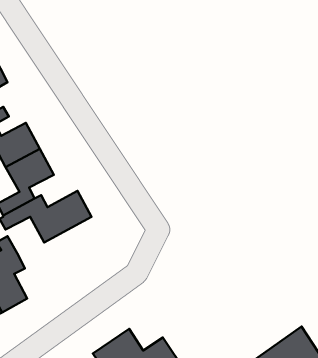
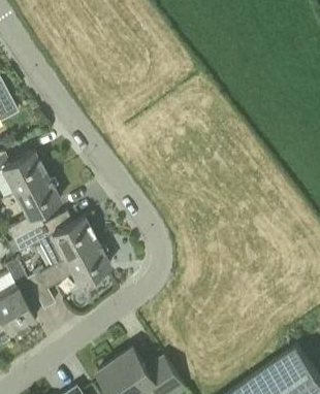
building: none -> [27,241,110,309]

